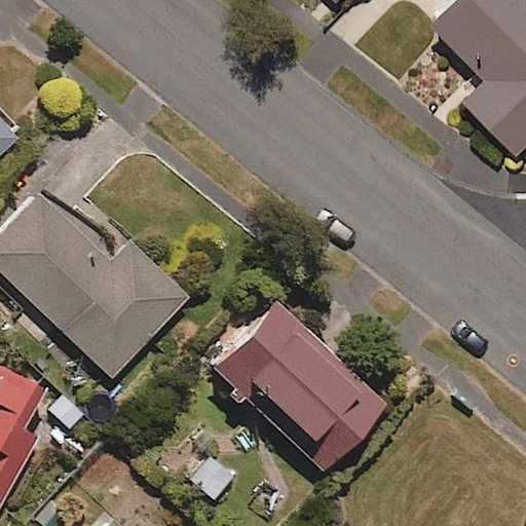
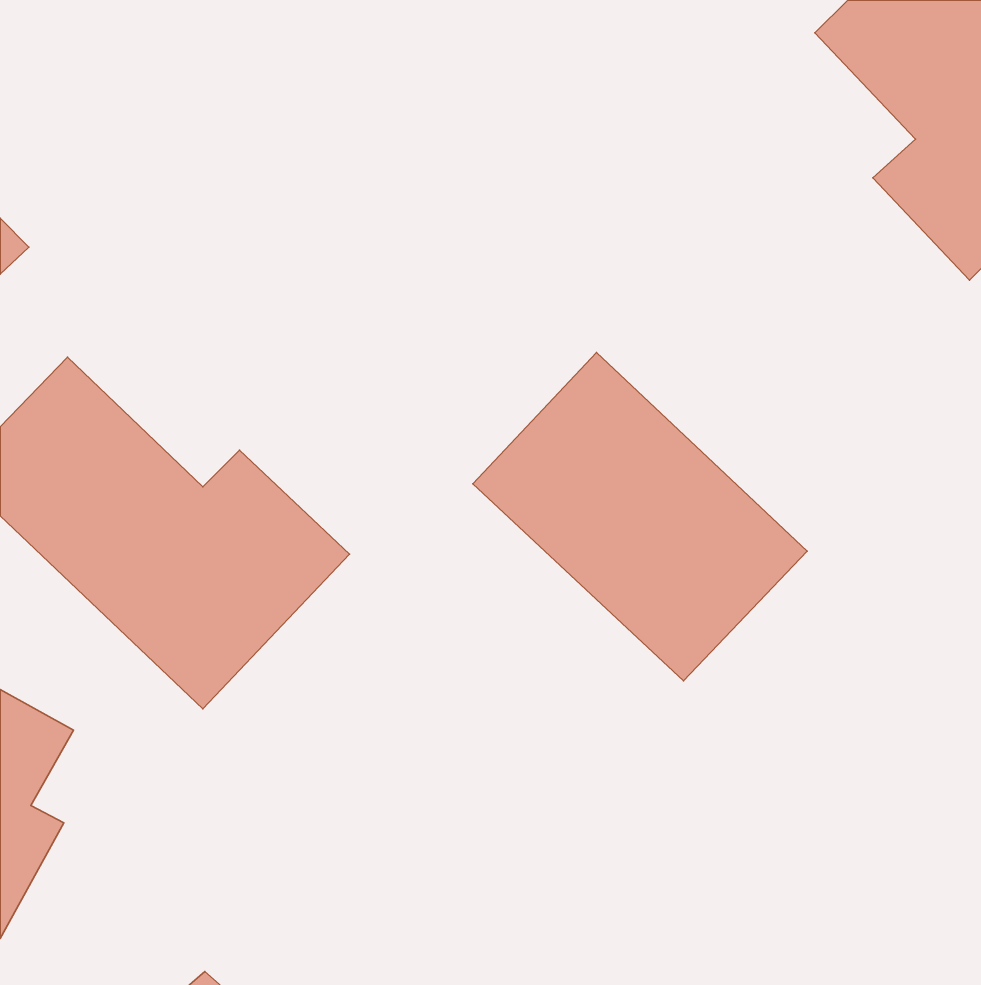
building: [208,299,385,474] -> [473,352,807,681]

